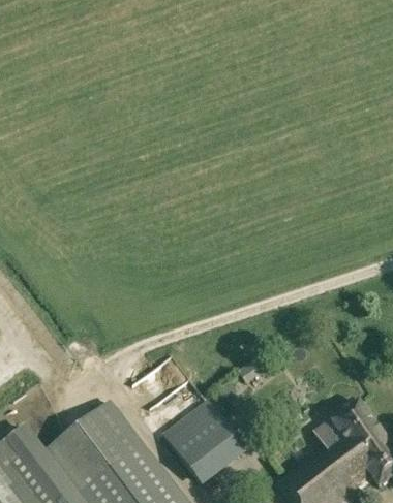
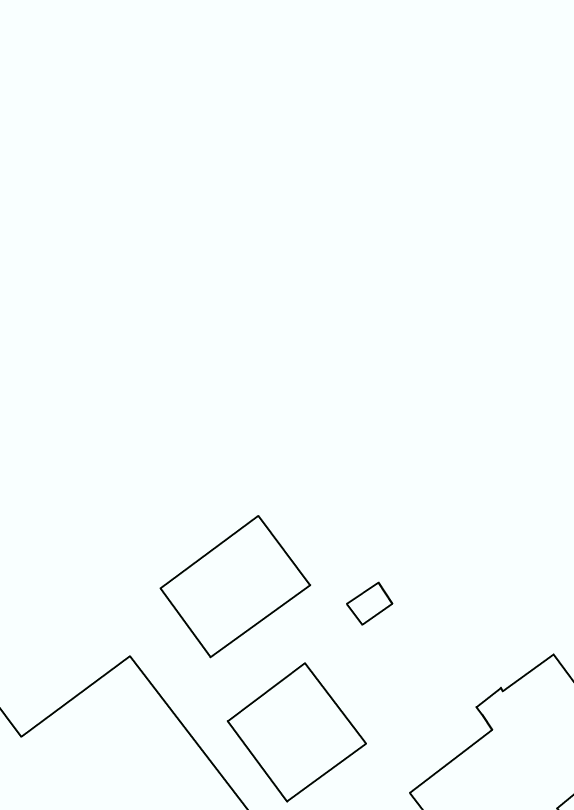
building: none -> [161,516,310,657]

